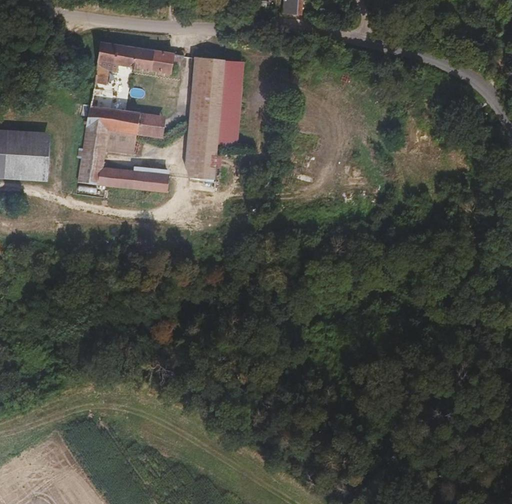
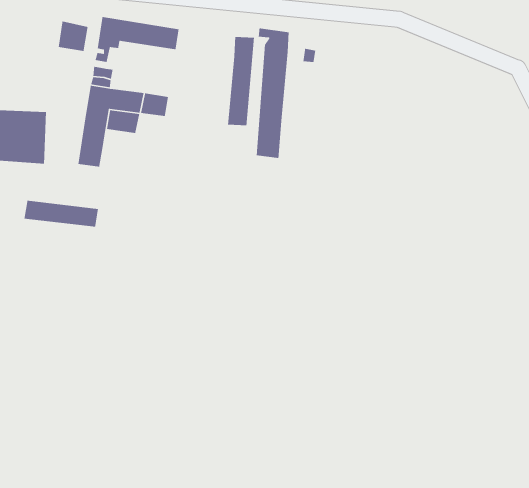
building: none -> [58,21,89,52]
building: [192,56,224,180] -> [256,27,290,159]
building: [97,166,168,192] -> [24,200,99,228]

